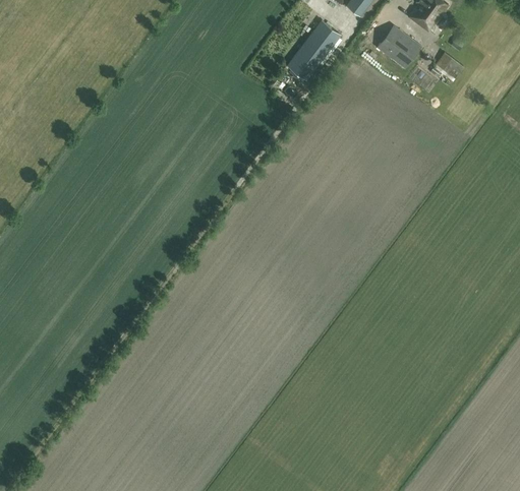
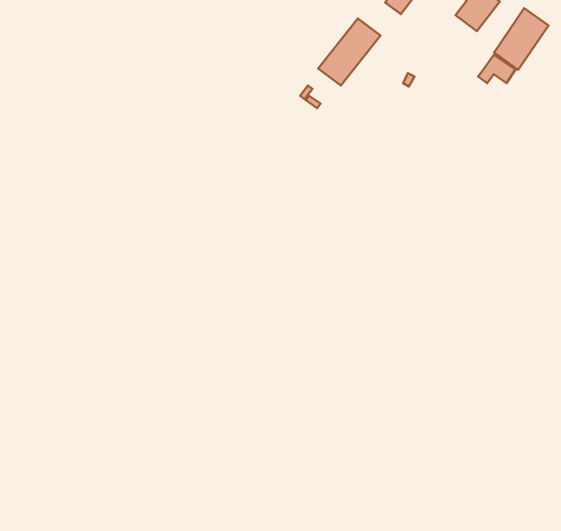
building: none -> [494,8,548,70]
building: [378,25,420,68] -> none

